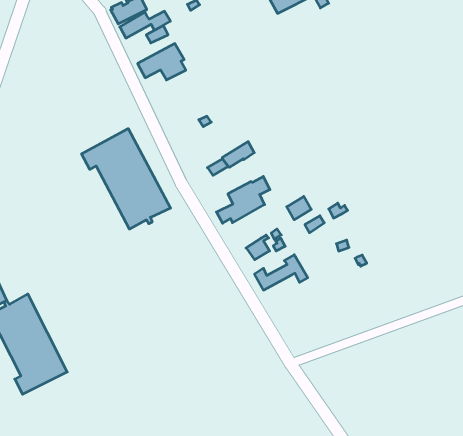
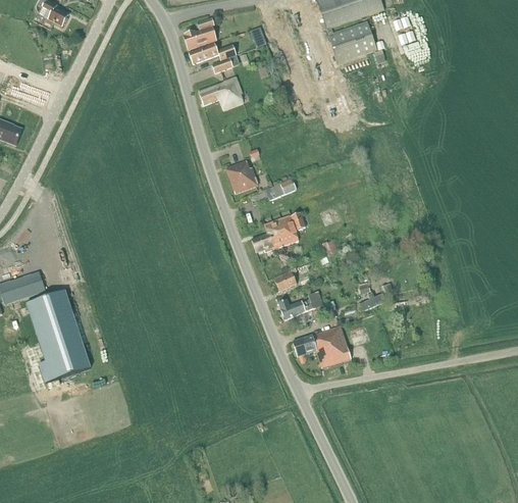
building: [82,129,171,229] -> none
building: none -> [227,160,259,193]
building: none -> [293,326,351,368]

